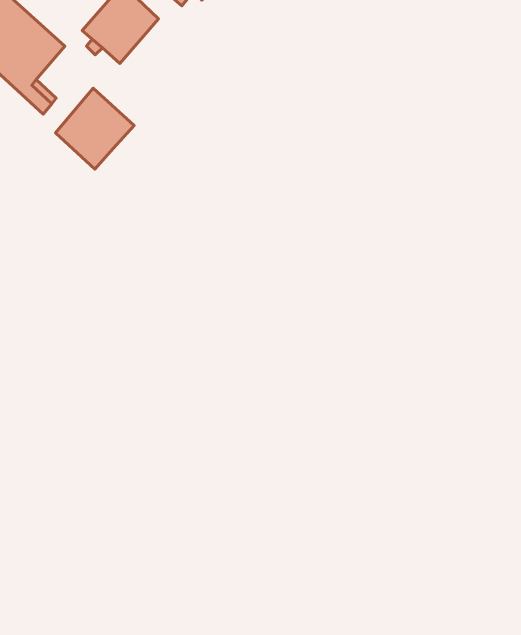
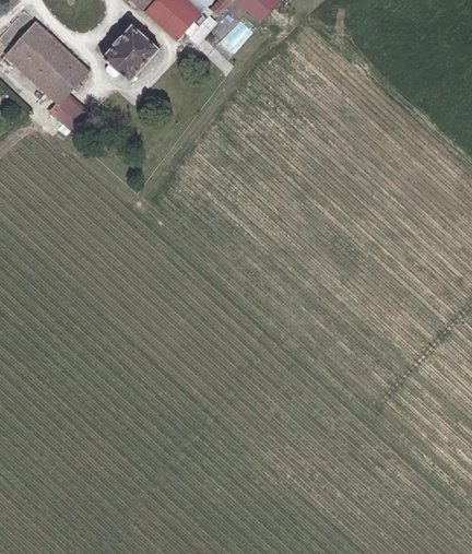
building: [55,88,134,169] -> none

